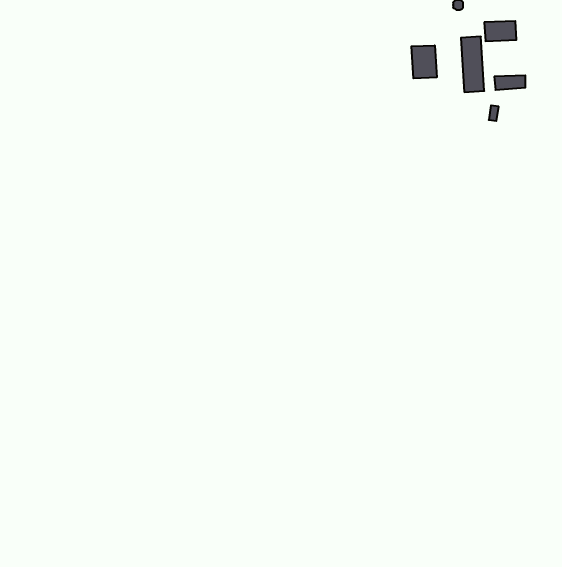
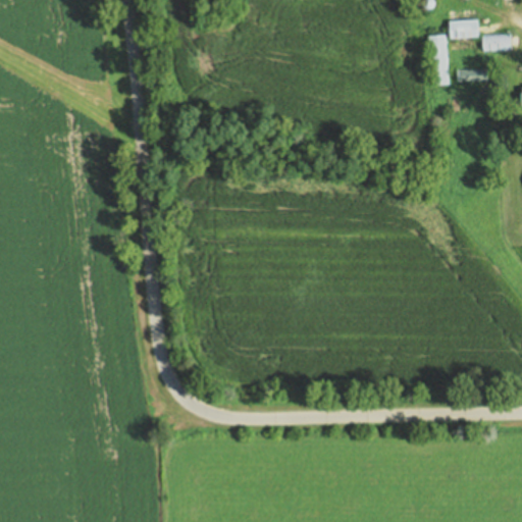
building: none -> [483,34,512,51]
building: [411,45,437,78] -> none

